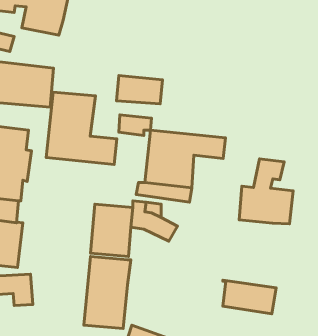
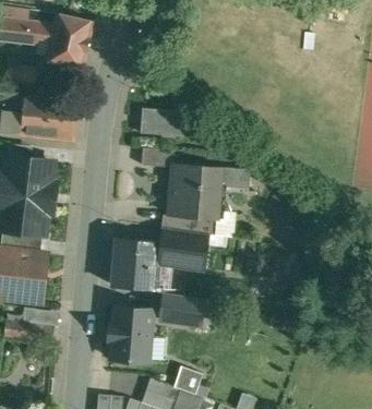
building: [46,92,117,165] -> none
building: [239,159,293,224] -> none
building: [223,280,276,314] -> [152,291,205,325]

